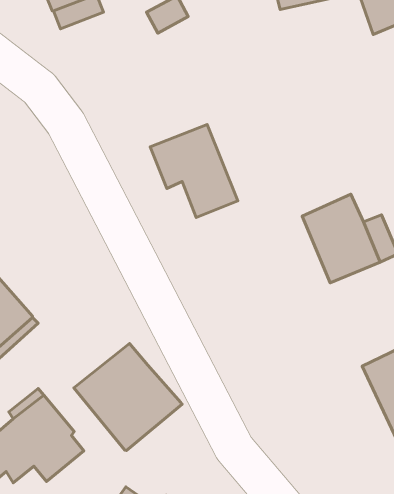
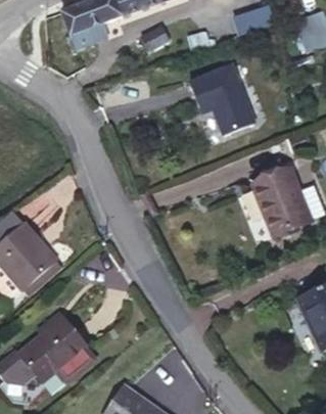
building: [150,125,238,218] -> [190,64,254,133]
building: [74,344,182,450] -> none

